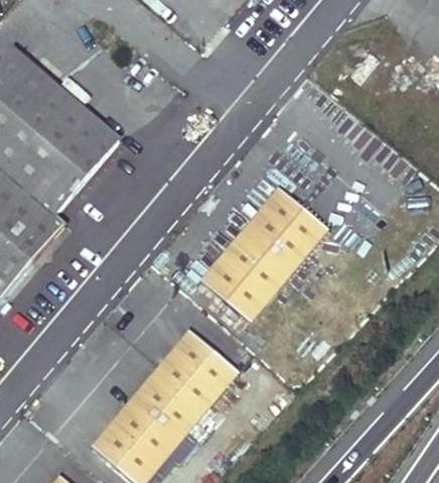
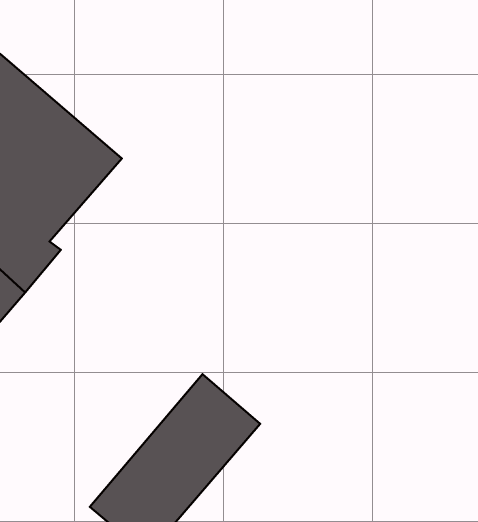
building: [199,188,328,323] -> none

